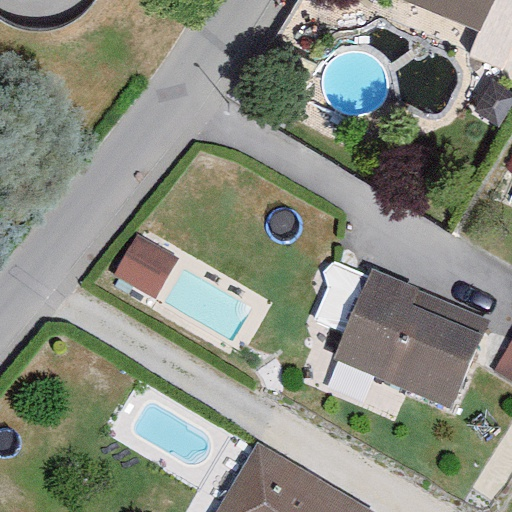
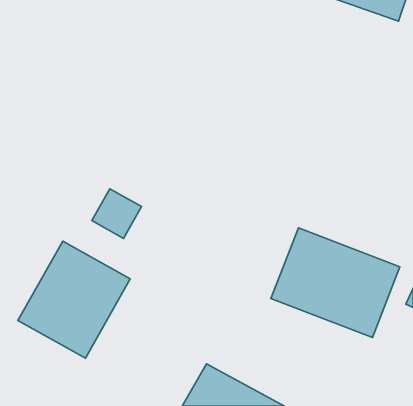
building: none -> [18,241,130,358]

